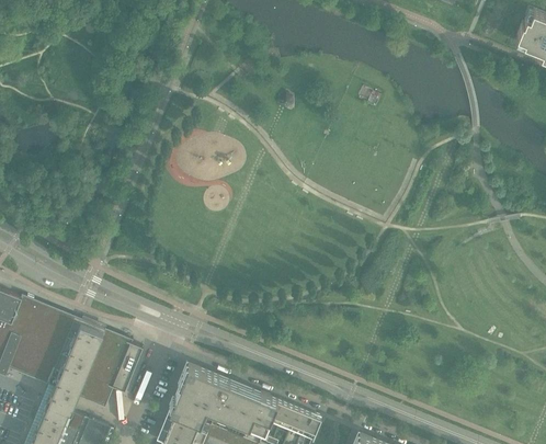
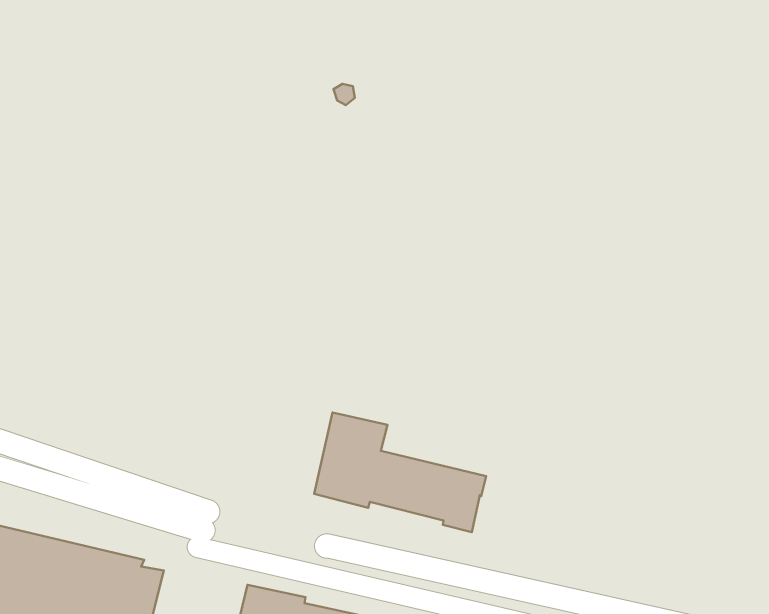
building: none -> [314,413,486,532]

